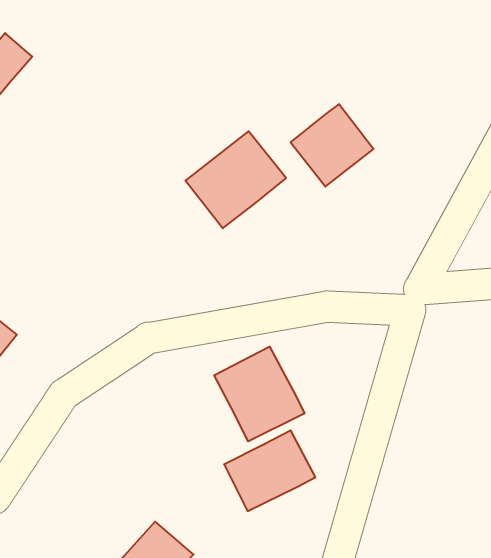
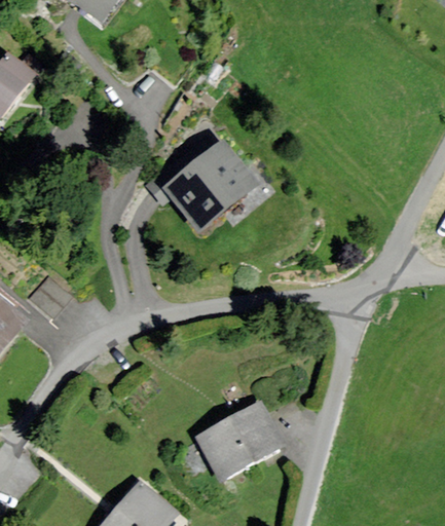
building: [291,104,374,187] -> none
building: [214,347,304,441] -> none

